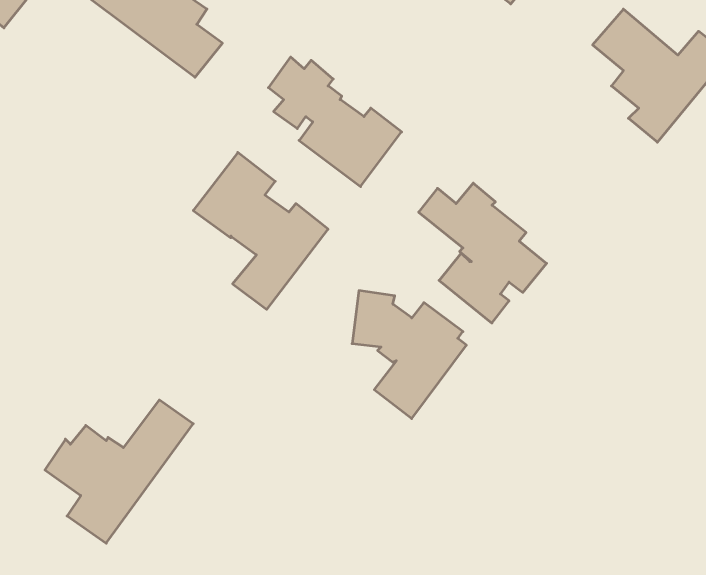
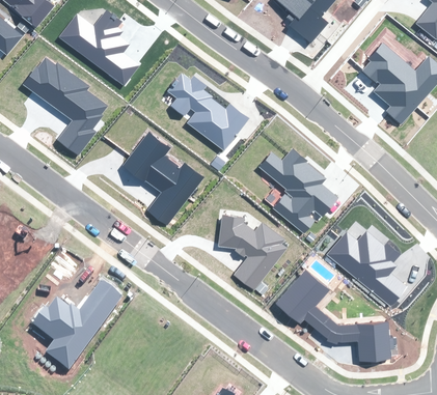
building: none -> [23,58,108,156]
building: none -> [326,230,406,307]
building: none -> [275,270,390,363]

